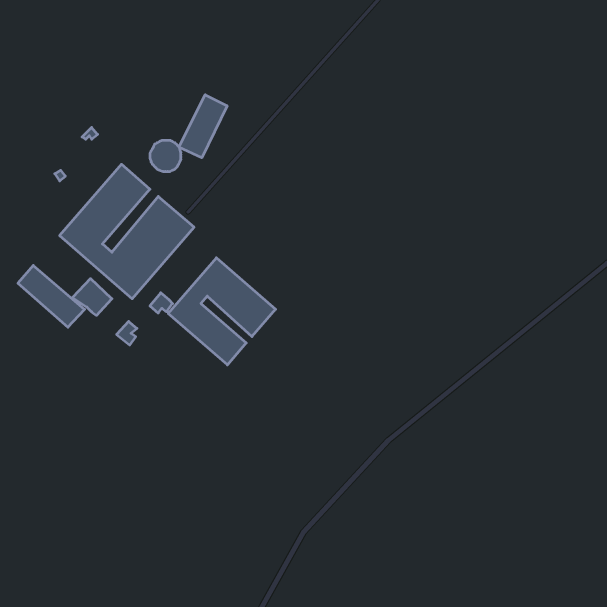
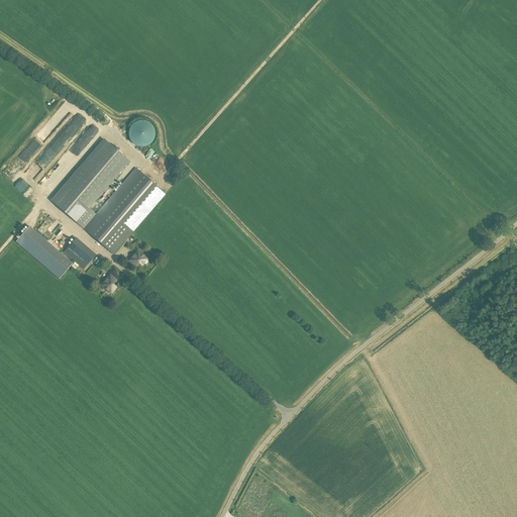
building: [179,95,227,158] -> none
building: [168,258,276,365] -> none

